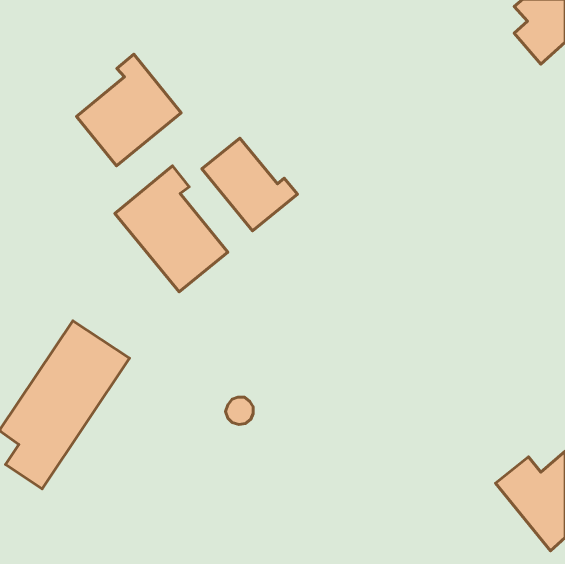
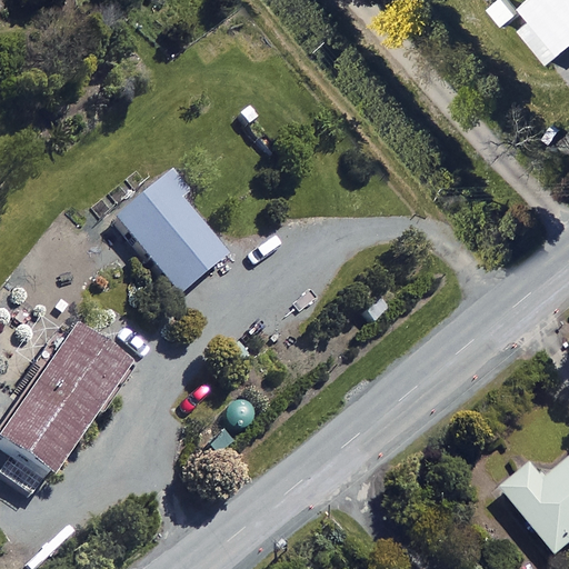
building: [76,54,181,166] -> none
building: [202,138,298,231] -> none

